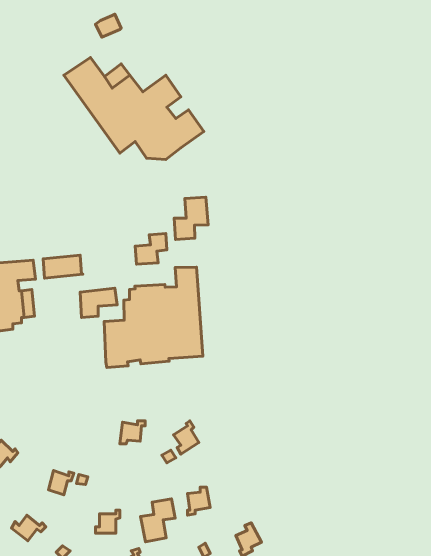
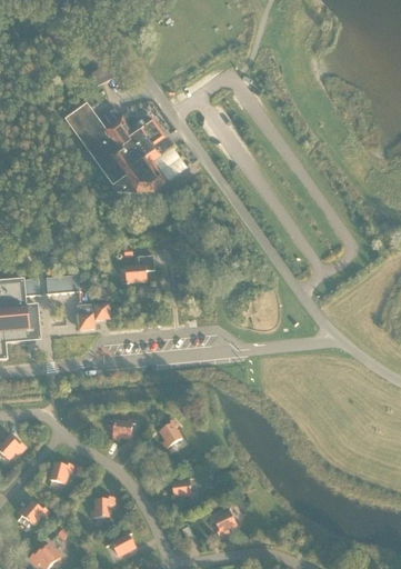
building: [174,197,208,239] -> none
building: [104,267,203,368] -> none
building: [140,499,175,542] -> none

